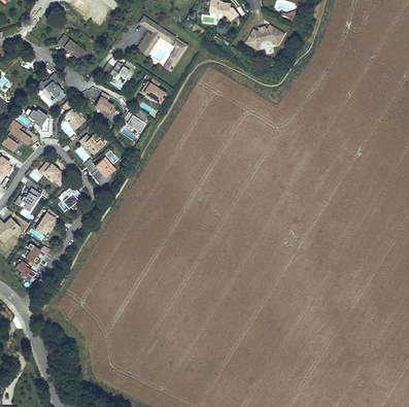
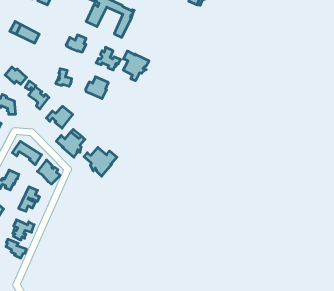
building: none -> [123,51,149,81]
building: none -> [84,147,117,176]

